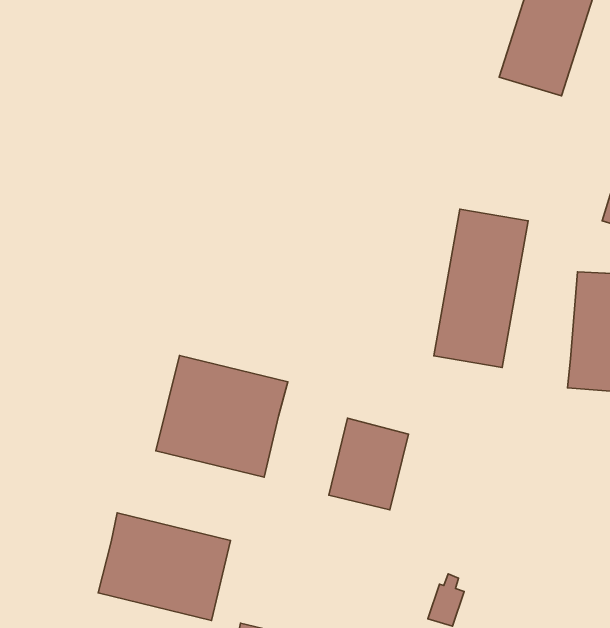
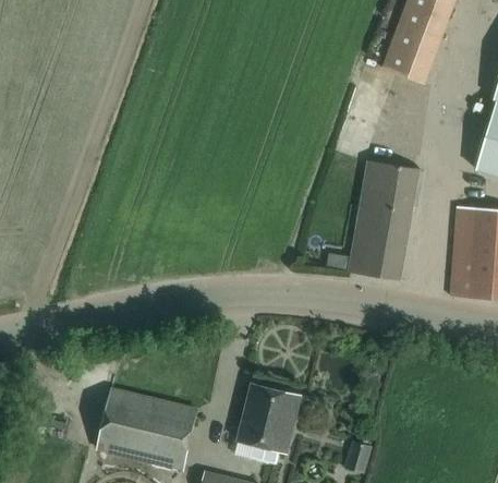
building: [156,356,288,477] -> none
building: [329,418,409,510] -> [239,384,299,452]

